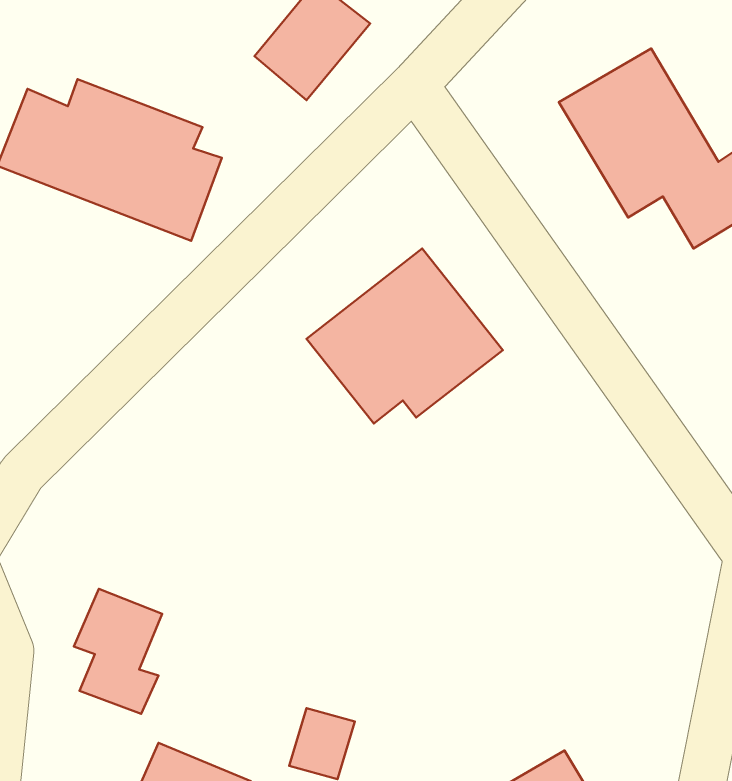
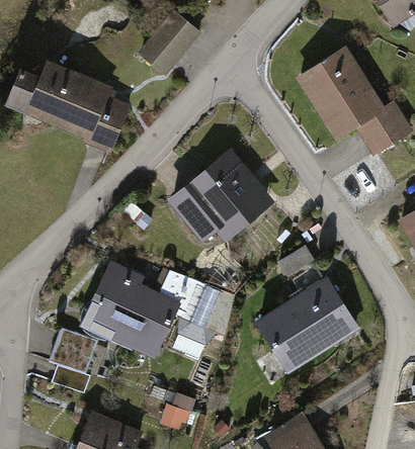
building: none -> [79,267,232,359]
building: none -> [257,281,356,370]

